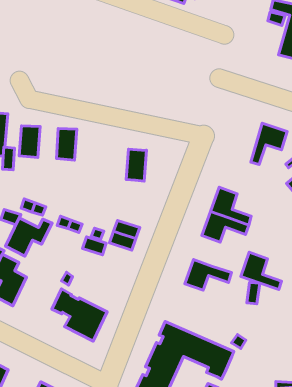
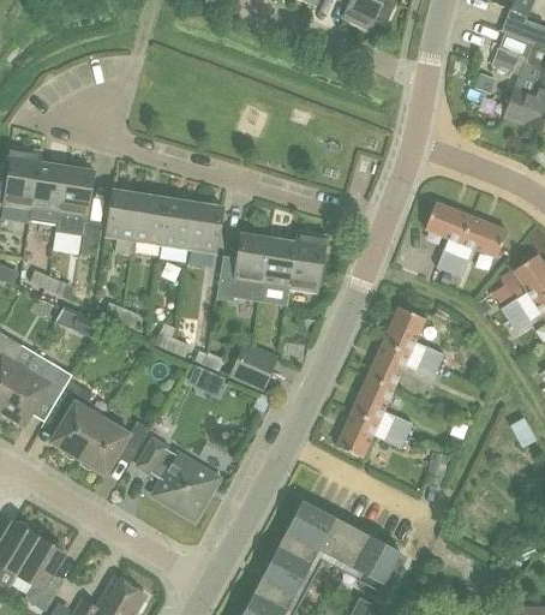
building: none -> [424,202,471,273]
building: none -> [133,195,167,244]
building: none -> [187,203,222,252]
building: none -> [288,232,325,292]
building: none -> [216,234,269,301]
building: [5,218,52,256] -> [78,417,150,474]
building: [241,252,282,289] -> [352,376,412,435]

